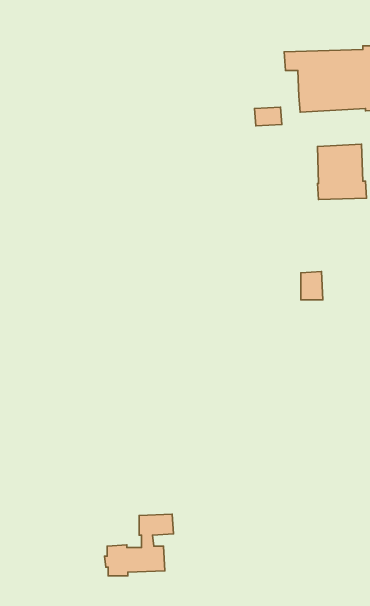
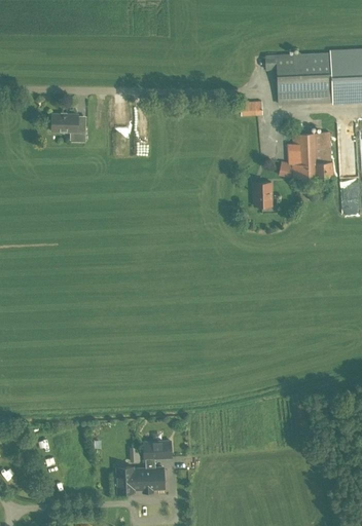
building: none -> [50,114,85,142]
building: [301,271,323,300] -> [253,182,272,205]

